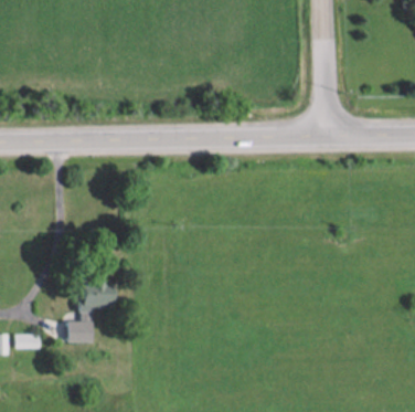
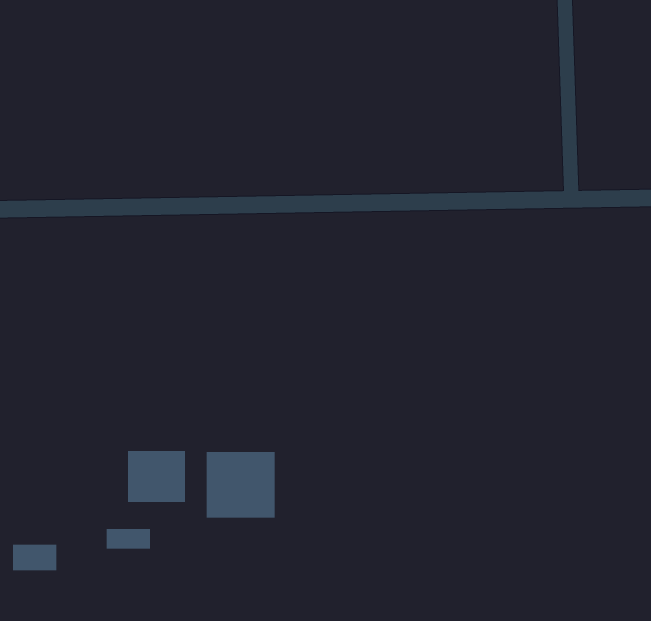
building: none -> [206,451,276,518]

